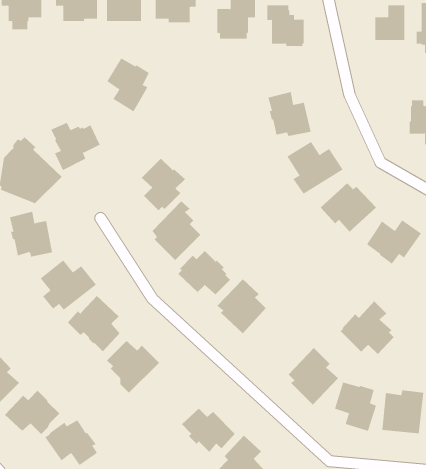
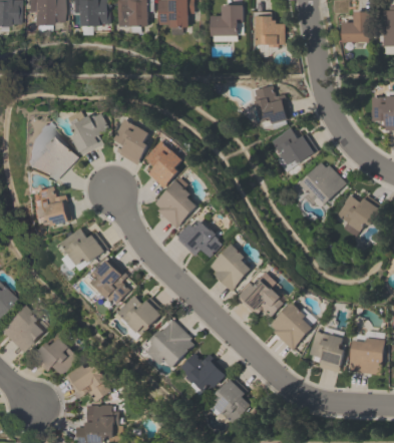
building: [107,58,149,112] -> [115,118,151,164]
building: [340,300,394,355] -> [239,271,285,317]
building: none -> [147,318,194,367]

